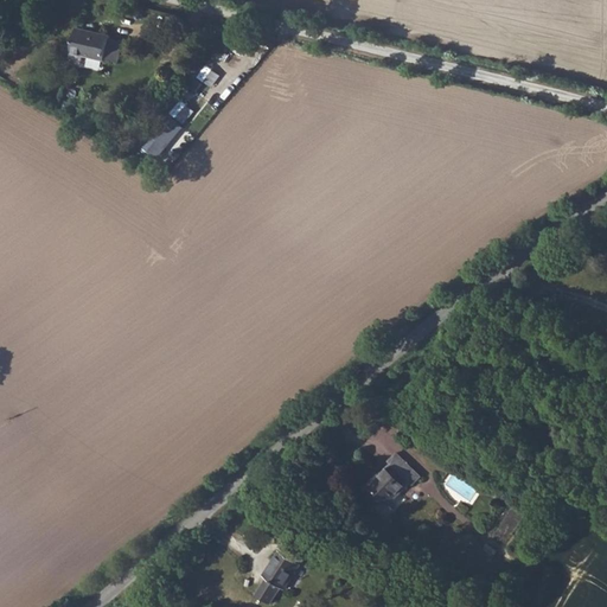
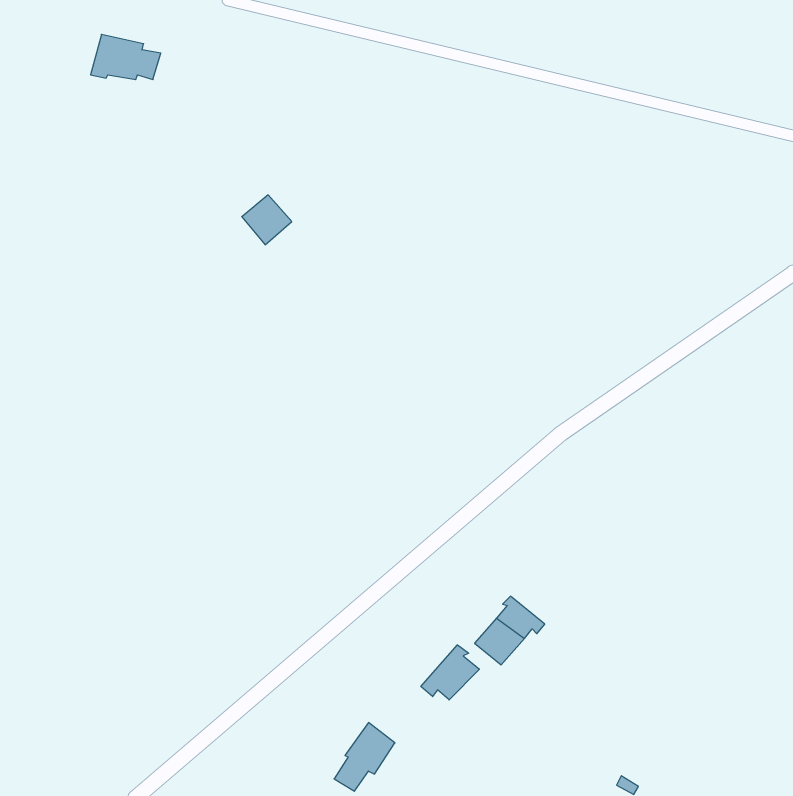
building: [147,115,185,153] -> [242,195,292,245]
building: none -> [421,645,479,700]

